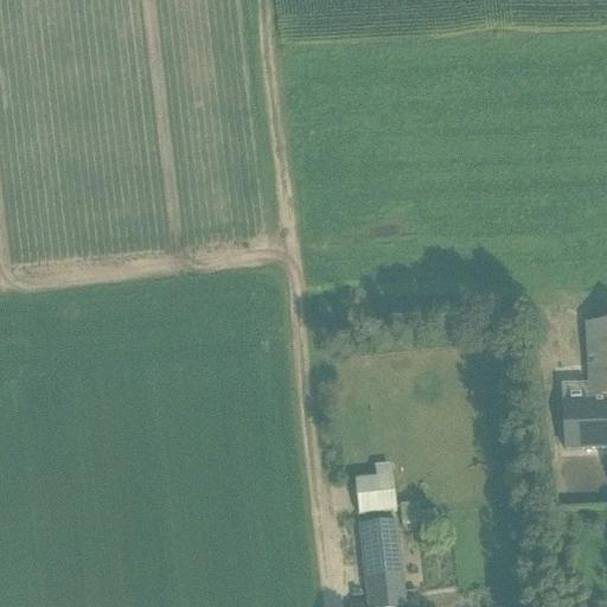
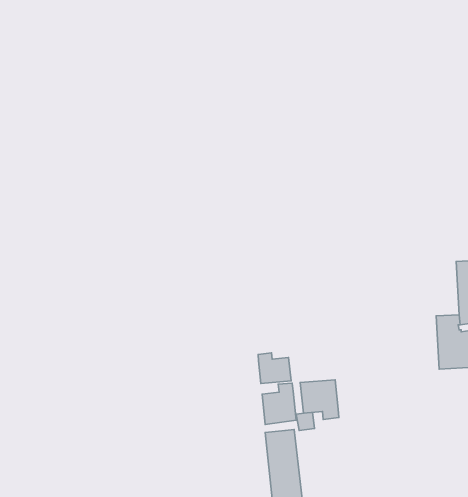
building: none -> [258,353,291,383]
building: none -> [300,380,339,420]

